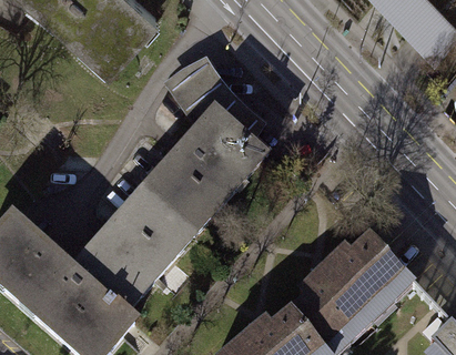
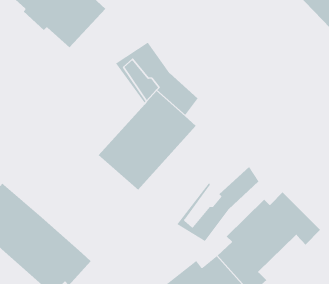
building: [72,196,189,315] -> none
building: none -> [177,166,259,242]

